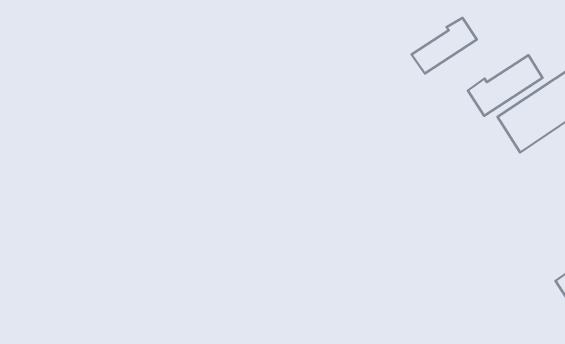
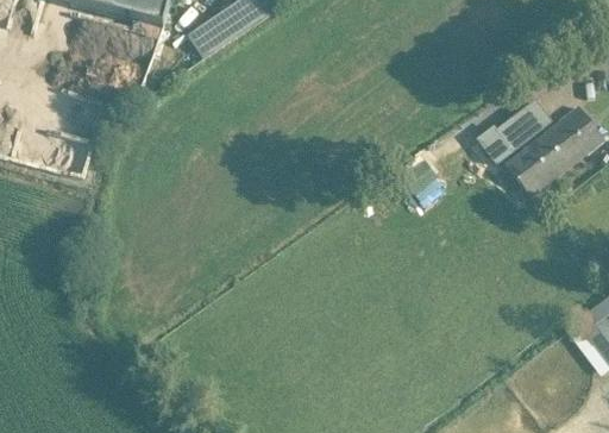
building: [412,18,477,74] -> none

